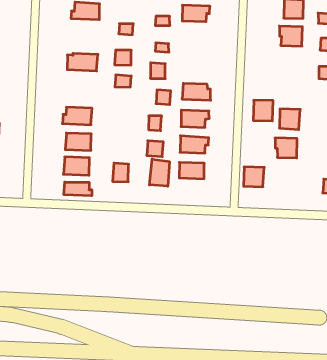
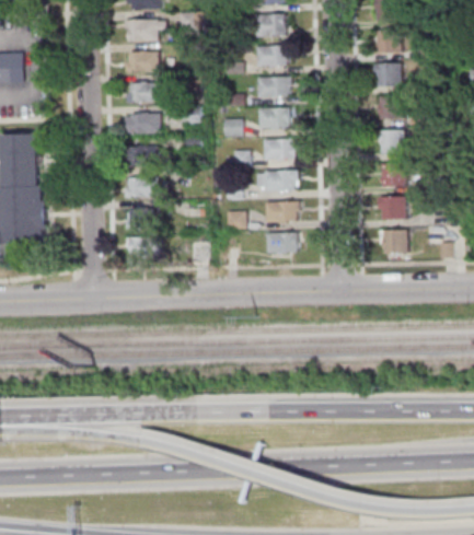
building: none -> [125,82,158,103]
building: none -> [256,77,290,96]
building: none -> [378,94,402,118]
building: none -> [257,107,290,128]
building: none -> [122,147,157,166]
building: [253,100,273,121] -> [379,128,403,153]
building: [149,159,169,186] -> none
building: [244,167,264,187] -> [381,230,405,254]
building: [64,182,92,196] -> none

